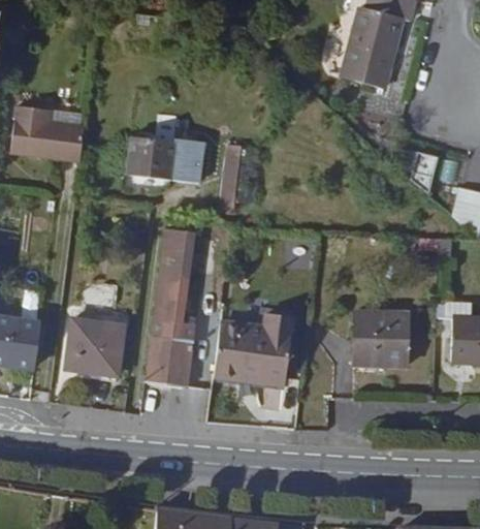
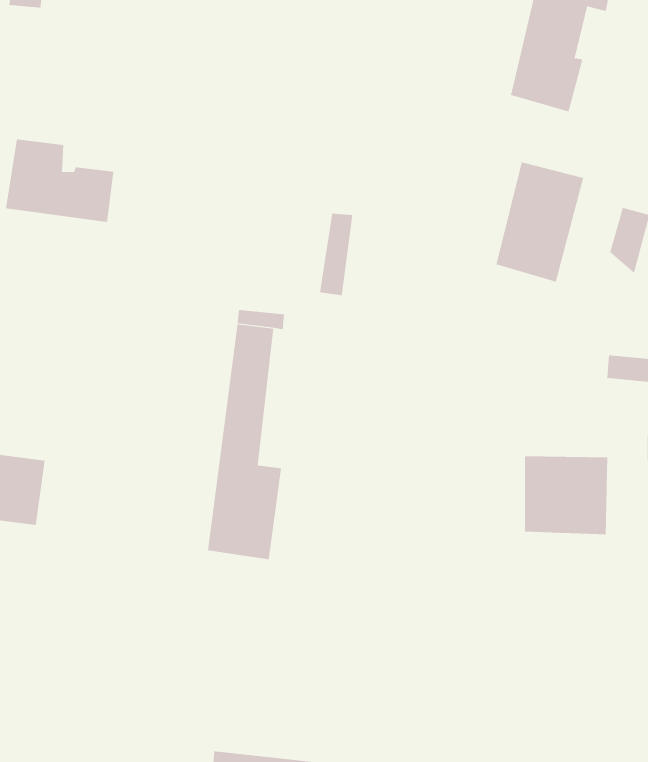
building: none -> [496,161,584,282]
building: [128,137,205,185] -> none
building: [214,305,294,380] -> none
building: [65,315,121,377] -> none

